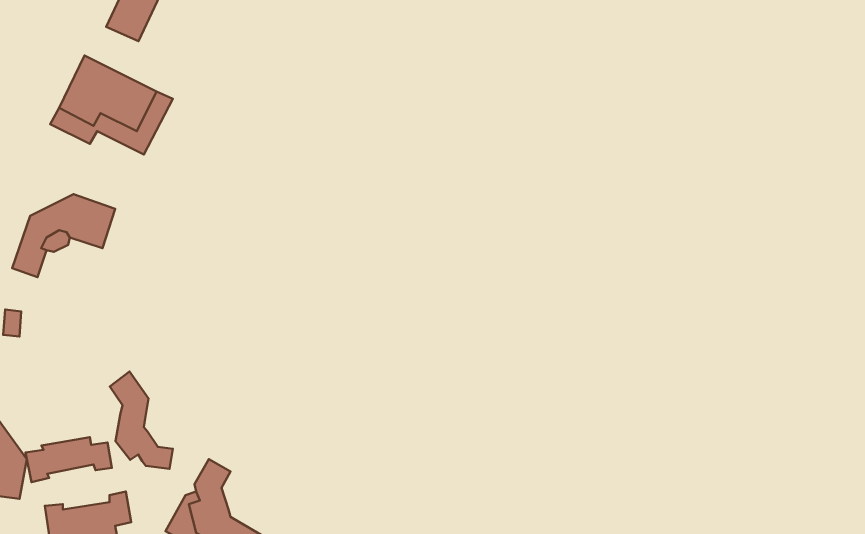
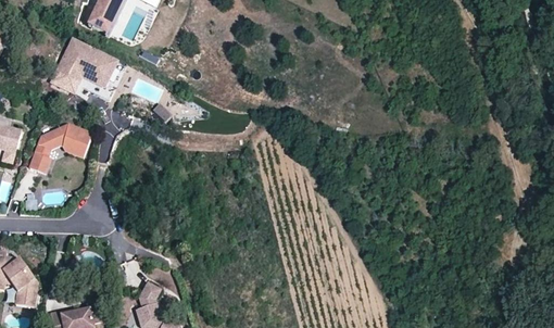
building: [110,371,173,469] -> none
building: [25,437,112,482] -> none

